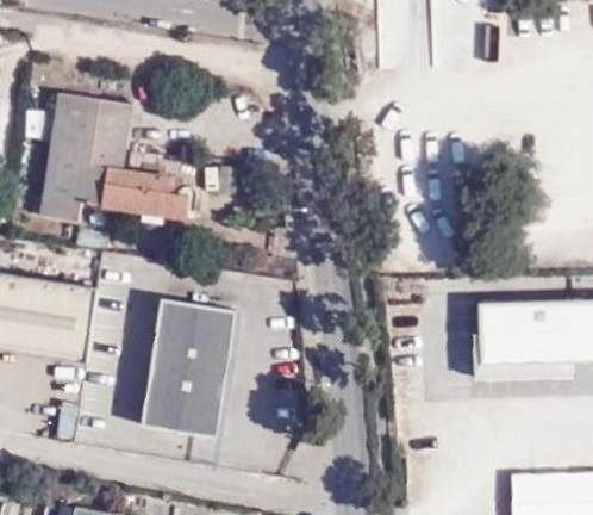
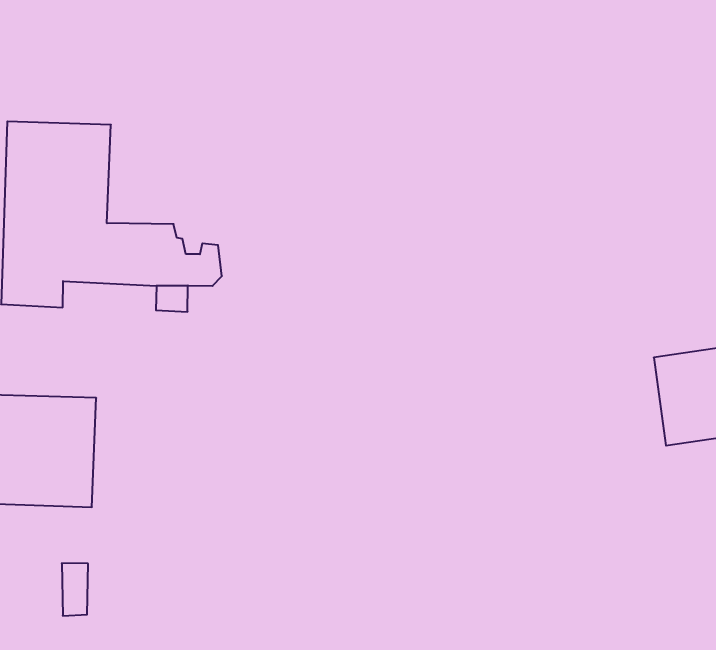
building: [143,297,239,438] -> none

